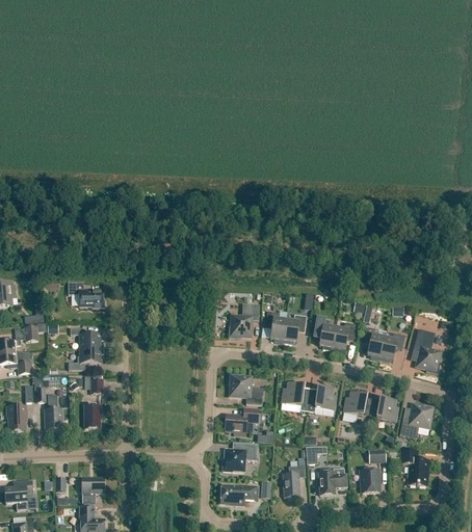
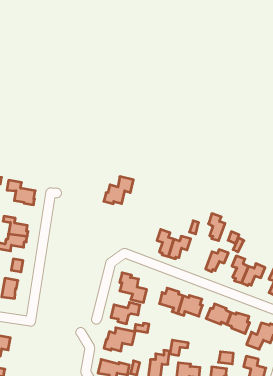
building: [228,302,260,338] -> [104,177,133,204]
building: [315,317,336,349] -> [208,214,225,241]

